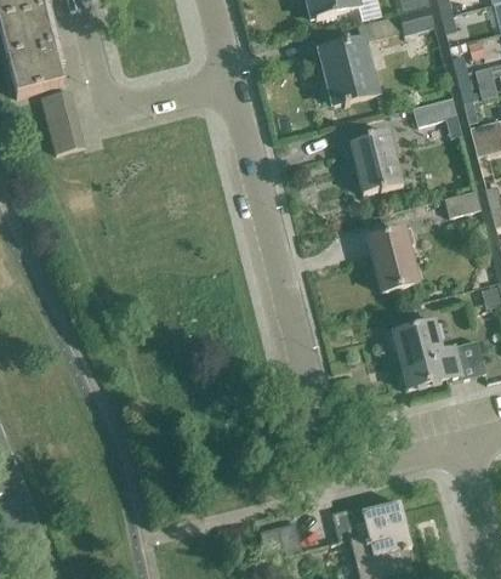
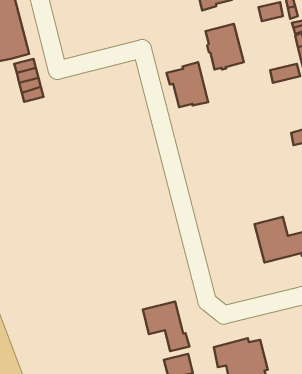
building: [345,127,405,193] -> [167,62,208,107]
building: [369,227,417,290] -> none
building: none -> [143,302,189,351]

